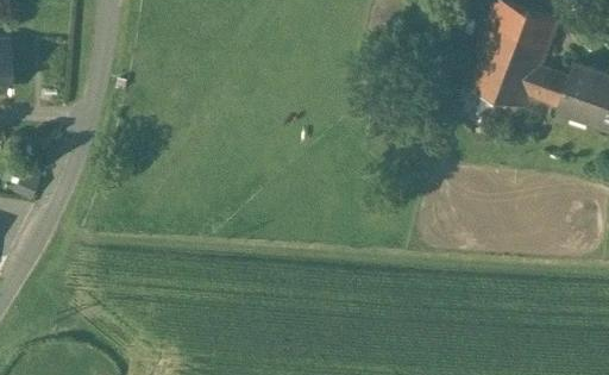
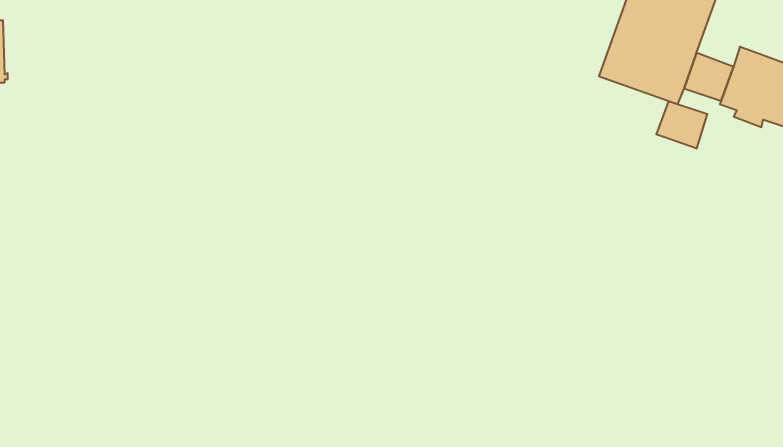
building: none -> [656,101,707,149]

